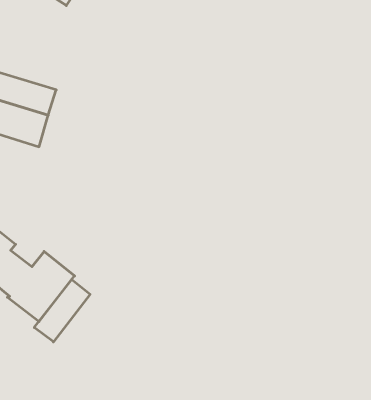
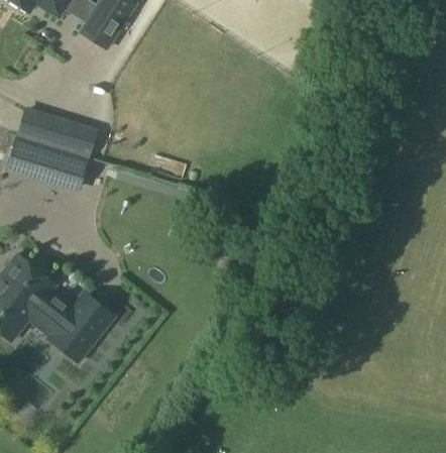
building: [34,280,90,342] -> none

